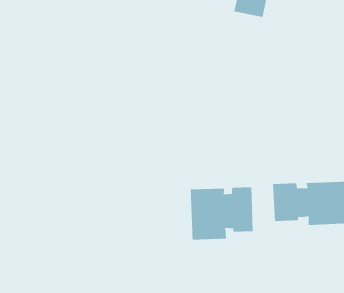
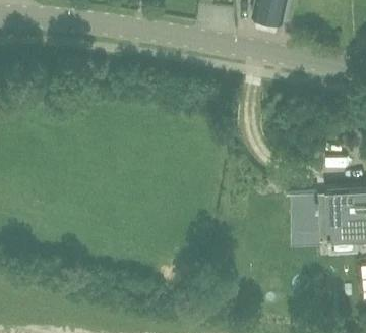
building: [190,186,253,240] -> none

